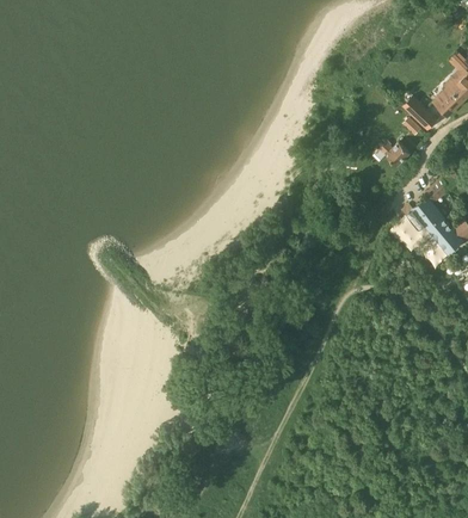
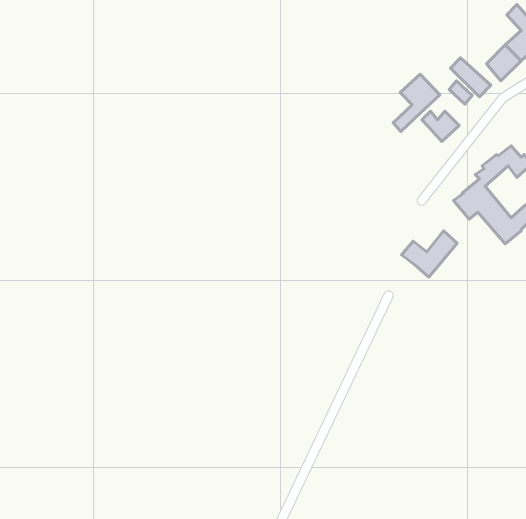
building: none -> [393,74,440,132]
building: none -> [402,231,457,277]

